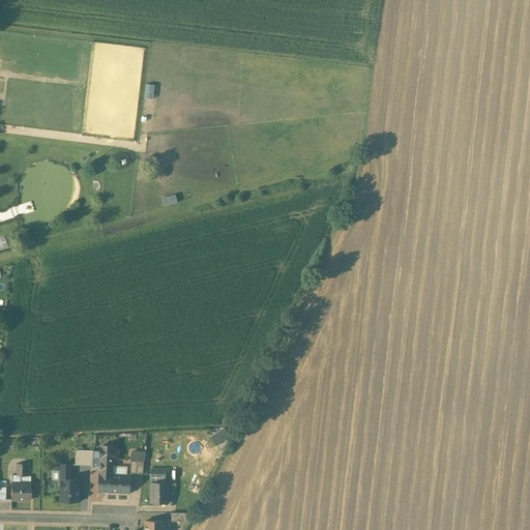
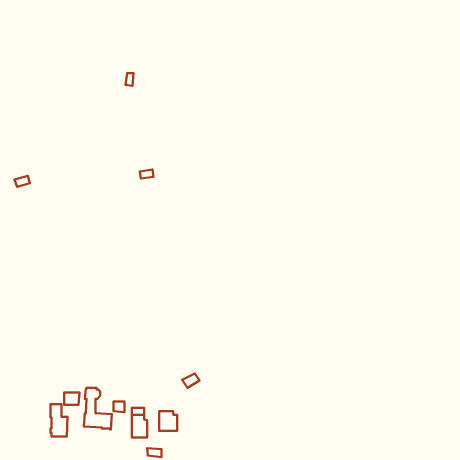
building: [10,465,29,501] -> none
building: none -> [159,411,177,431]

